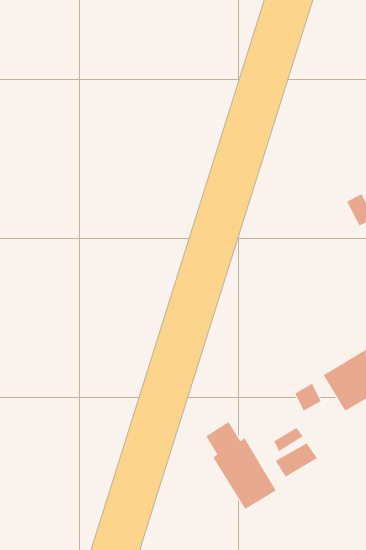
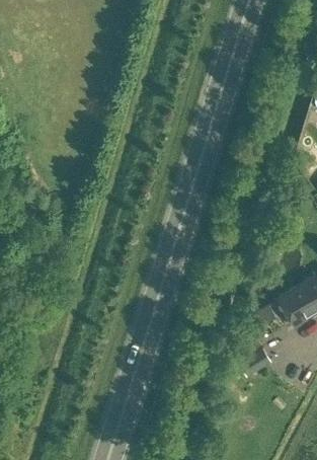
building: [206,421,277,510] -> none

